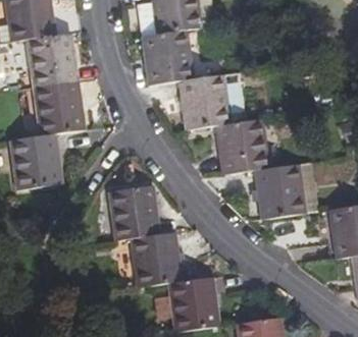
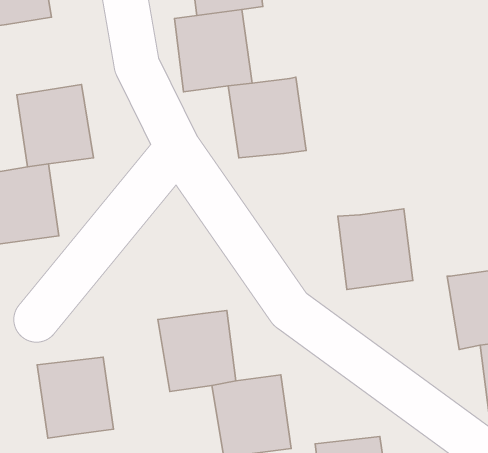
building: [28,31,79,86] -> none
building: [216,119,268,172] -> none
building: [109,185,161,240] -> [37,357,114,438]

